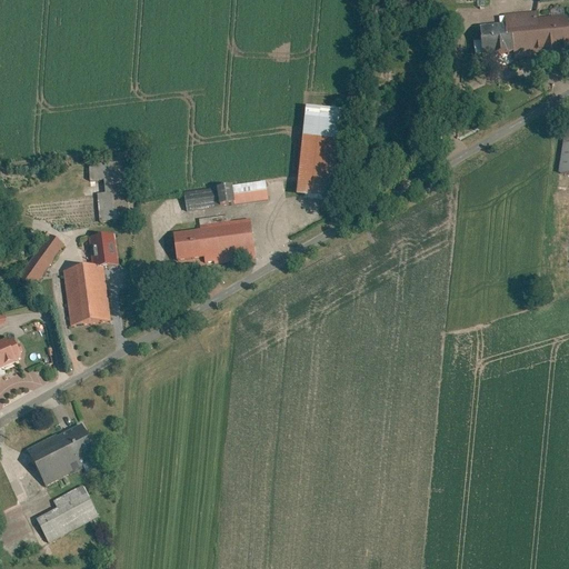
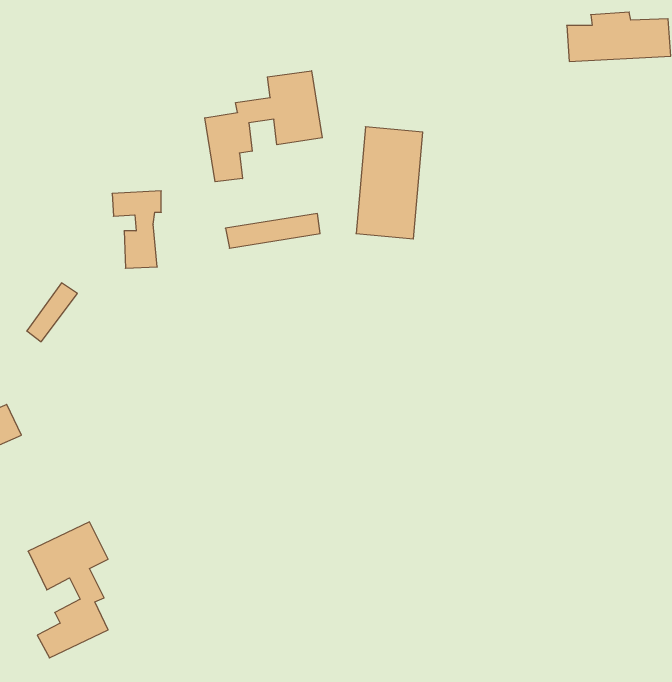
building: none -> [205,71,322,182]
building: [172,210,254,257] -> none
building: [62,233,113,326] -> none

